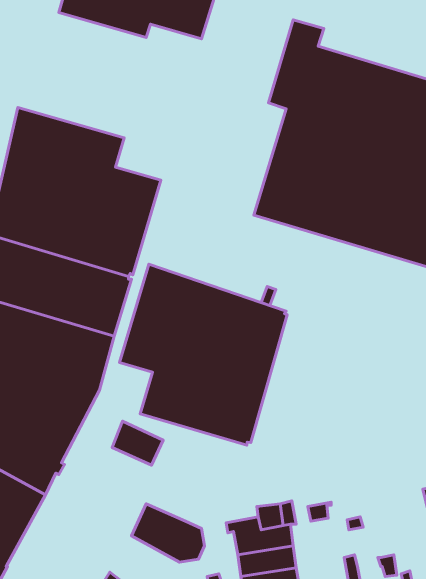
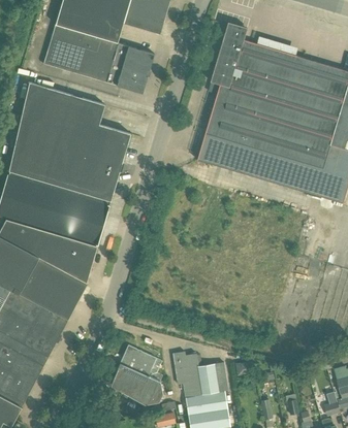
building: none -> [44,15,155,93]
building: [120,264,287,445] -> none
building: [112,421,163,465] -> [121,344,157,375]
building: none -> [173,351,200,376]

